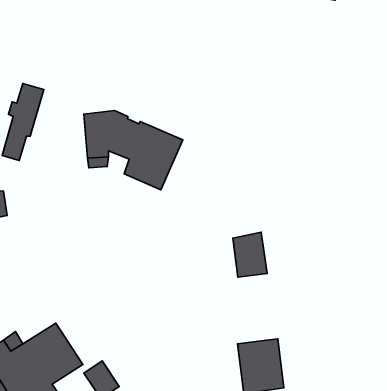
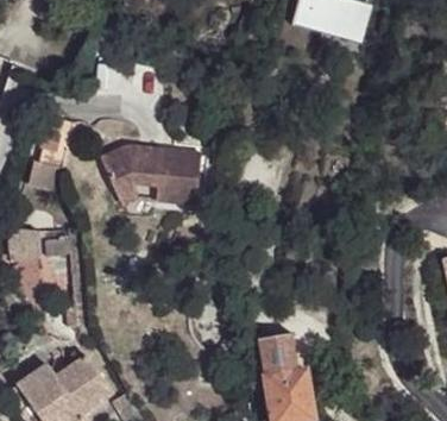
building: [233,232,267,277] -> [263,328,296,372]

